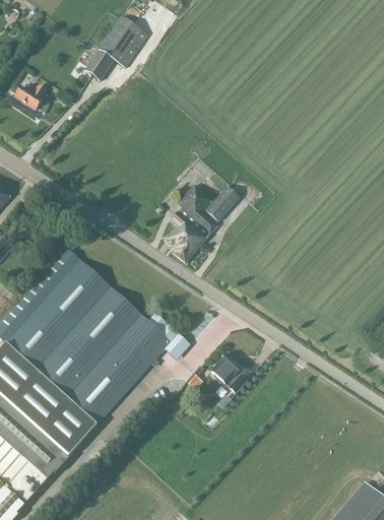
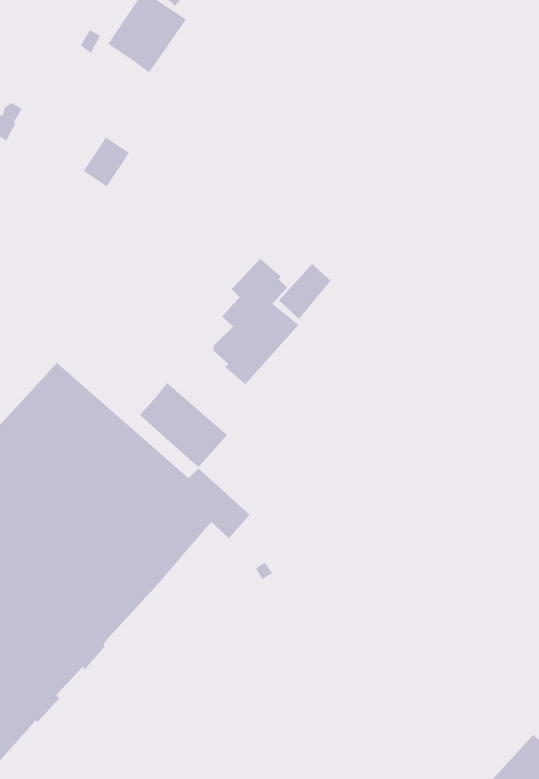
building: [84,50,114,81] -> [83,137,130,187]
building: none -> [139,382,228,468]
building: [210,352,247,394] -> none

